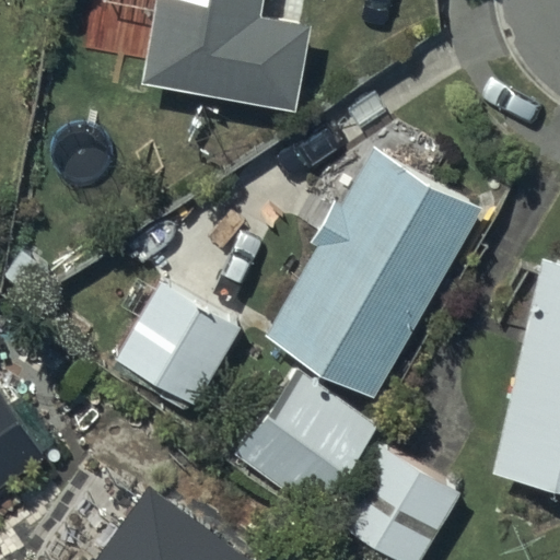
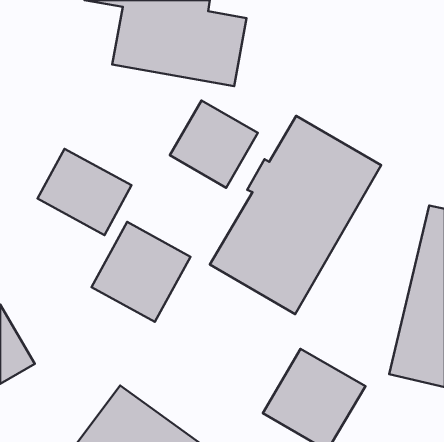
building: none -> [170,100,258,188]
building: none -> [37,149,132,235]
building: [236,370,381,515] -> none

